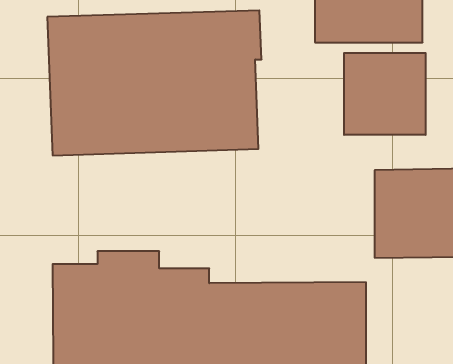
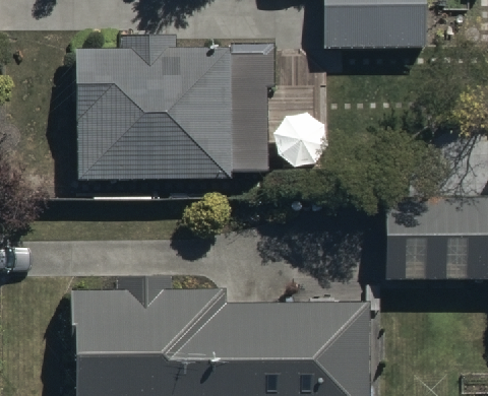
building: [344,53,426,135] -> none

